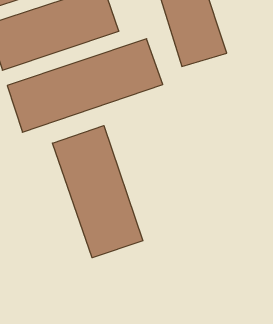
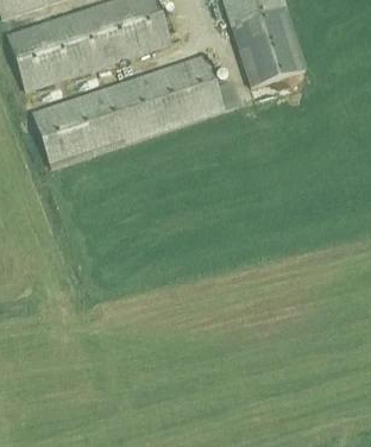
building: [52,126,143,258] -> none

